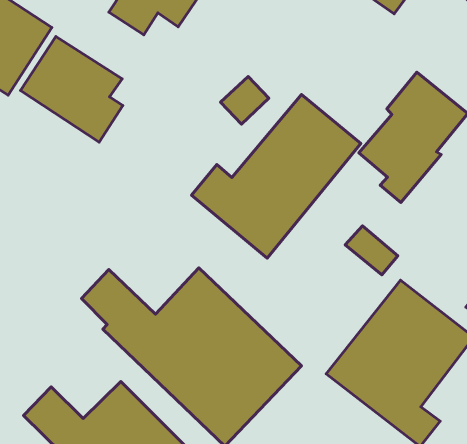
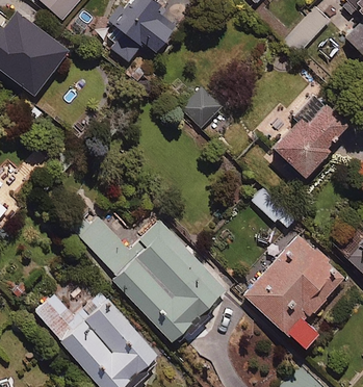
building: [21,37,123,142] -> none
building: [192,95,361,258] -> none

